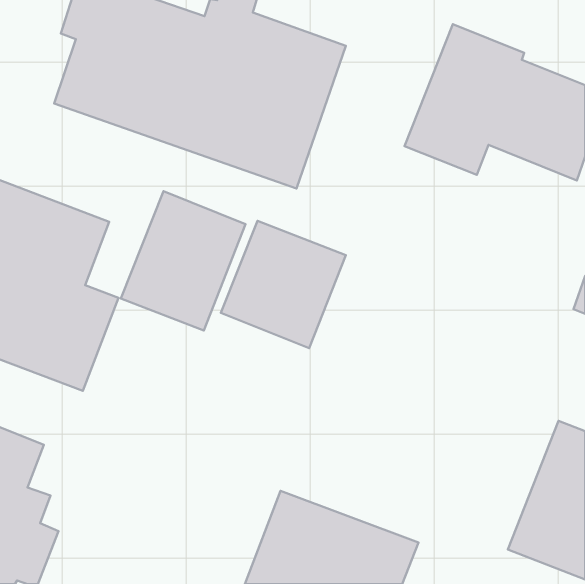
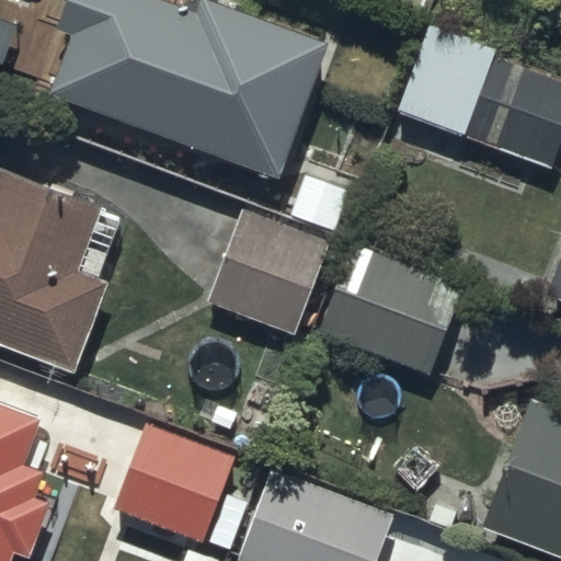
building: [121,191,245,330] -> none
building: none -> [314,242,462,373]
building: none -> [116,426,238,542]

